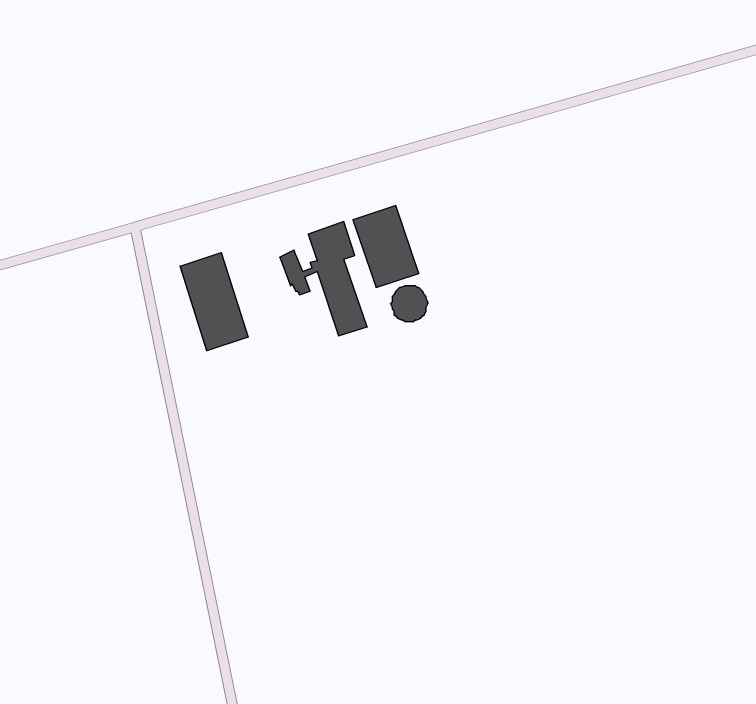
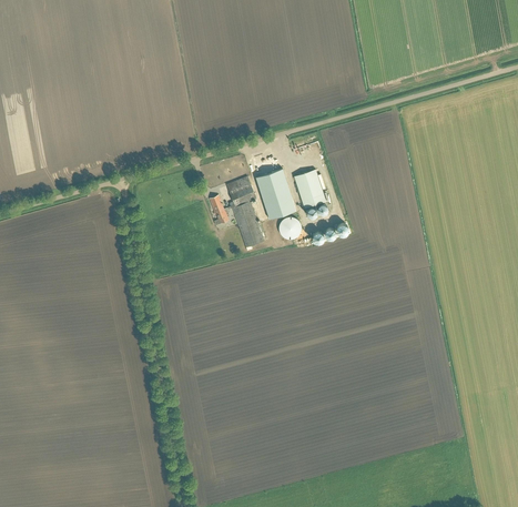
building: none -> [294,170,325,207]
building: [180,253,248,351] -> none

